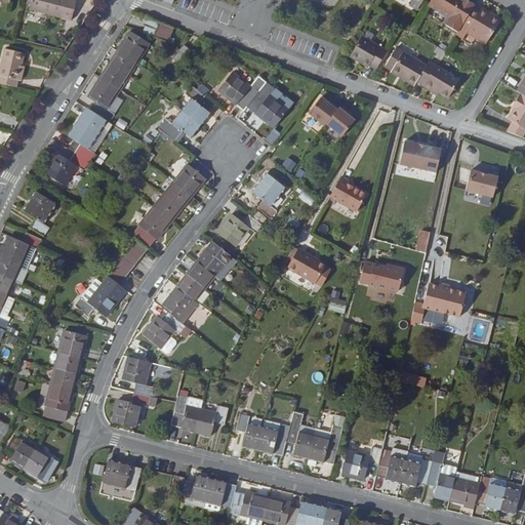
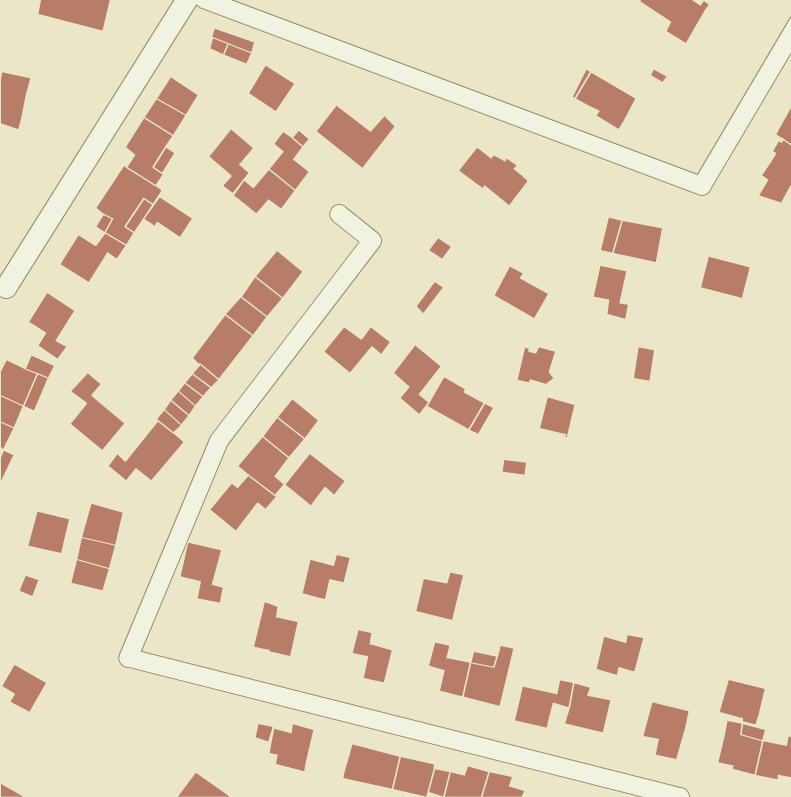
building: [454,6,493,37] -> none
building: [117,32,148,63] -> [248,65,295,112]
building: [347,35,383,68] -> none
building: [414,59,455,96] -> none
building: [246,83,286,127] -> none
building: none -> [208,128,254,194]
building: none -> [144,197,193,238]
building: [252,172,284,218] -> [393,345,442,415]
building: none -> [593,265,629,320]
building: [197,241,237,276] -> [285,453,345,506]
building: none -> [70,372,125,451]
building: [377,266,403,290] -> [517,347,556,384]
building: [410,284,465,323] -> none
building: [45,382,73,410] -> [27,511,70,554]
building: [113,393,157,427] -> none
building: [196,405,228,435] -> [302,555,350,600]
building: [257,422,289,454] -> [415,572,464,621]
building: [25,448,58,481] -> none
building: [401,458,433,485] -> [596,635,644,675]
building: [104,459,143,490] -> none
building: [449,477,480,507] -> [719,679,766,725]
building: [206,479,236,507] -> none

